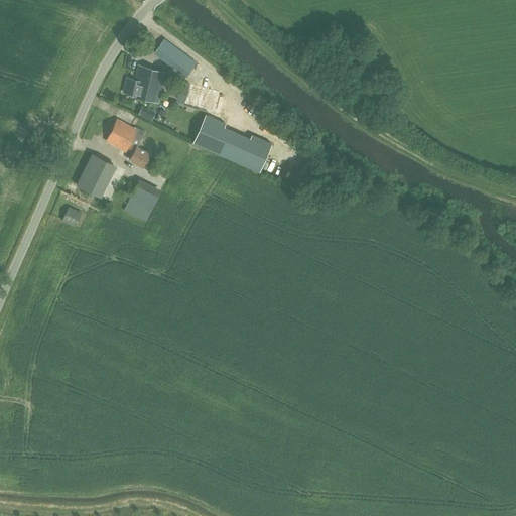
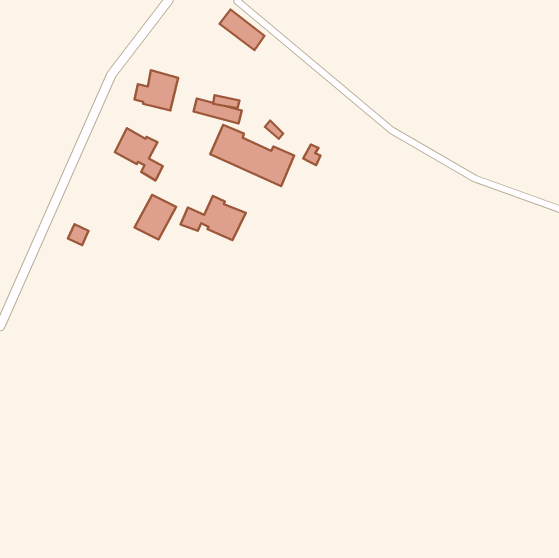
building: [154,39,196,77] -> [220,10,264,50]
building: [77,154,113,196] -> none
building: none -> [180,196,246,240]

